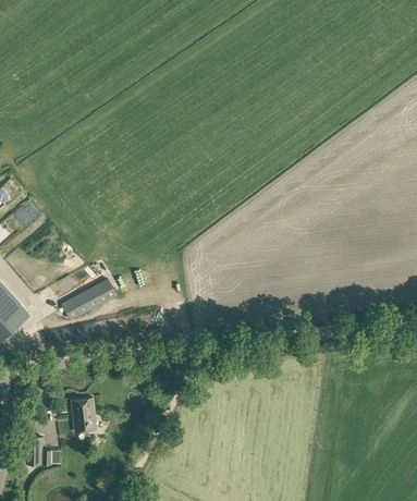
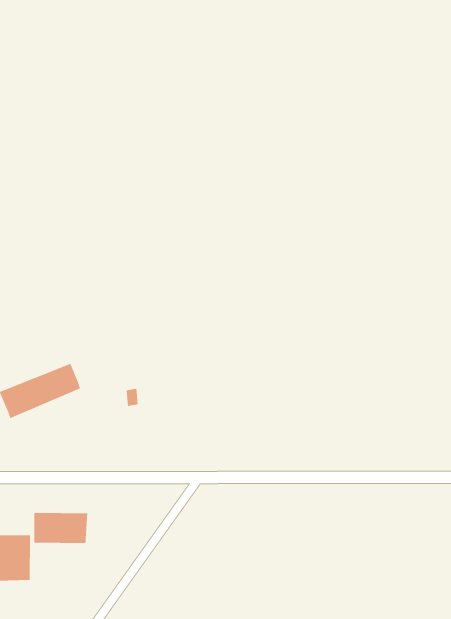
building: none -> [34,512,88,544]

